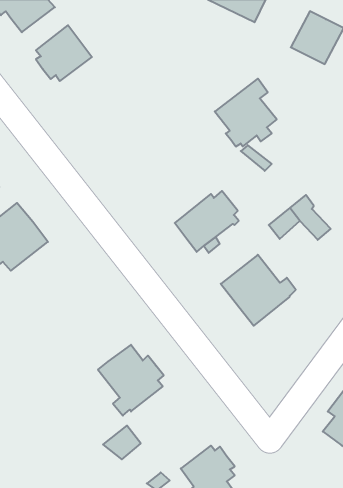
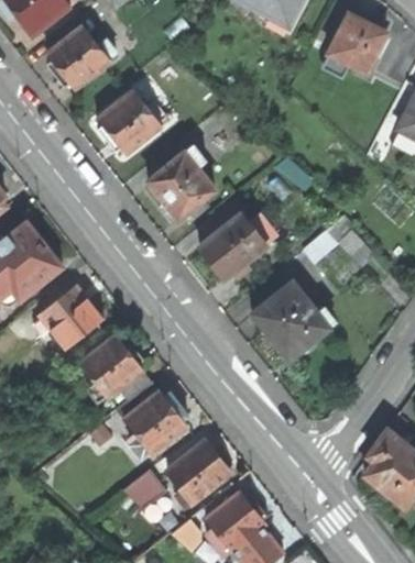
building: [215,79,277,146] -> [146,145,215,220]
building: none -> [98,93,160,154]
building: none -> [41,286,103,349]
building: none -> [80,335,152,399]
building: none -> [167,443,229,505]

